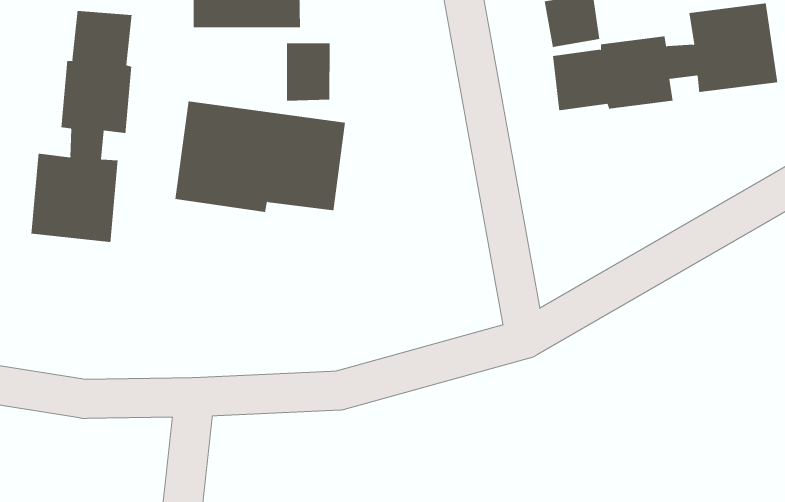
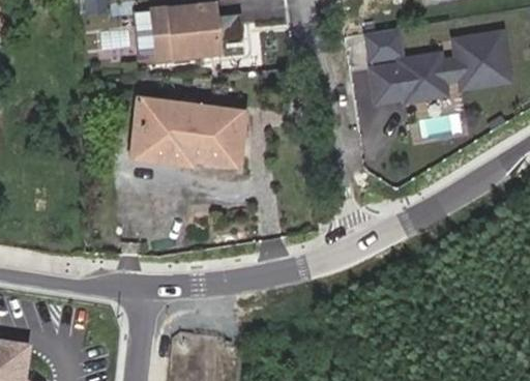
building: [31,10,132,243] -> none
building: [287,42,330,101] -> none

